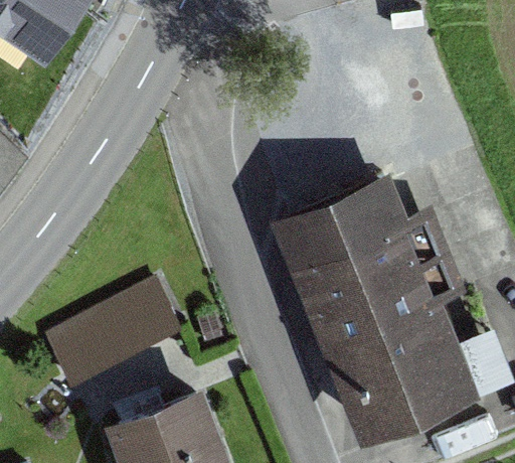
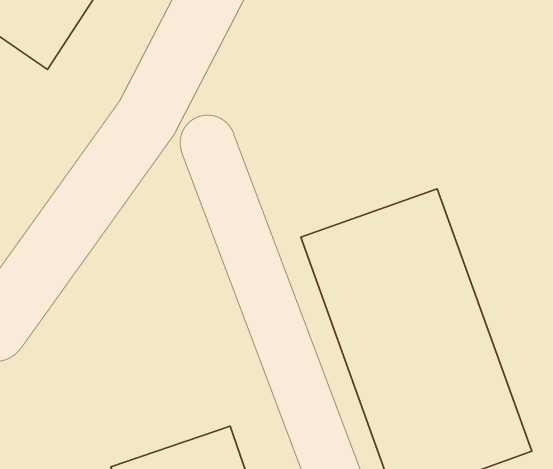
building: [48,286,188,396] -> none

